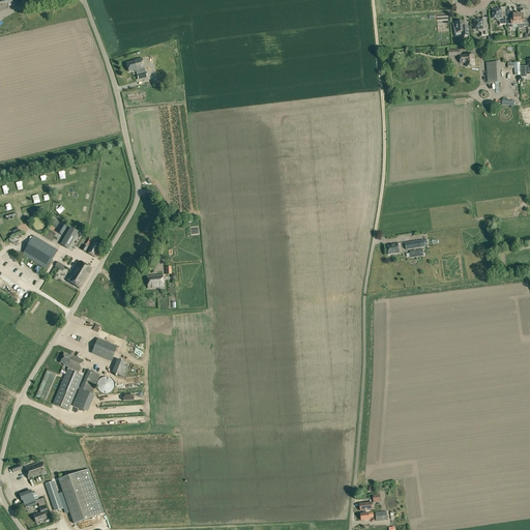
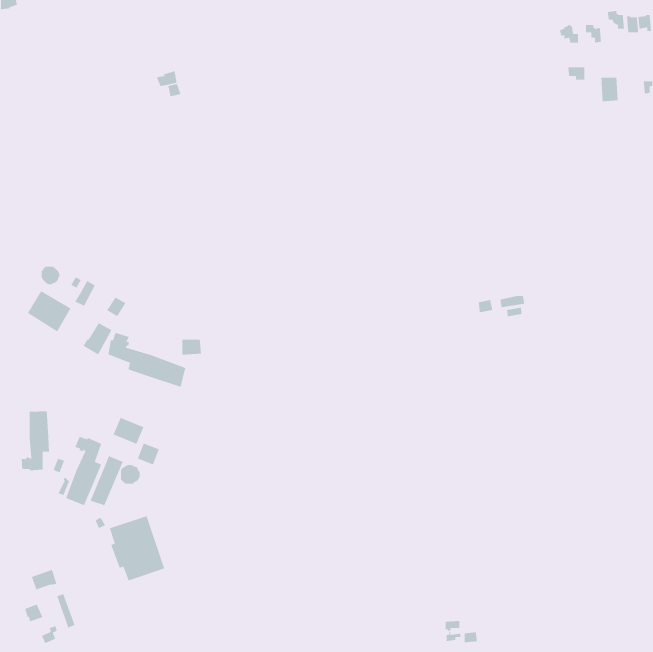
building: none -> [107,332,186,388]
building: none -> [21,411,50,471]
building: [58,469,104,523] -> [109,515,165,582]

